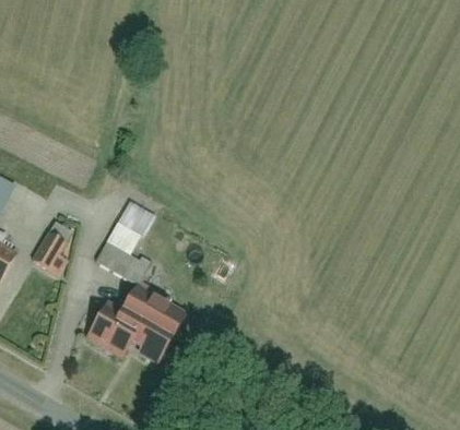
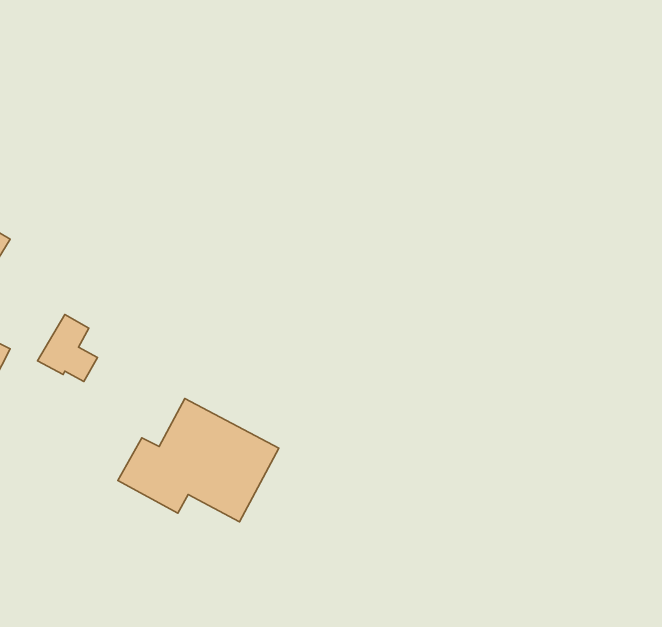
building: [97,202,153,282] -> none

